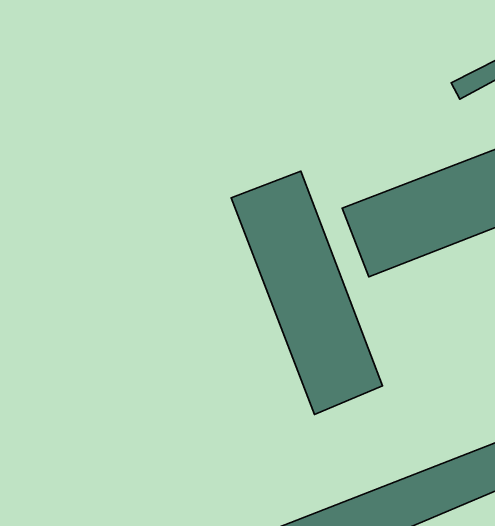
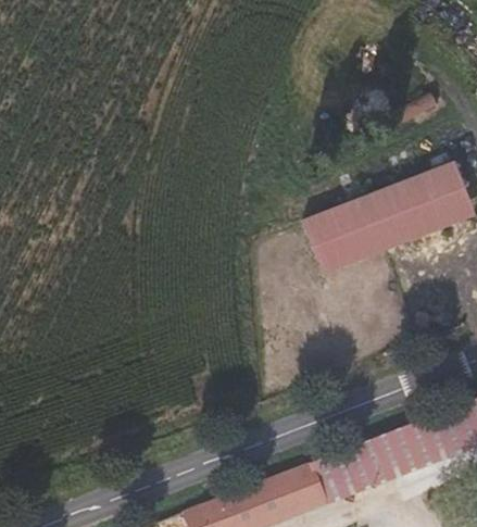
building: [231,171,382,415] -> none

